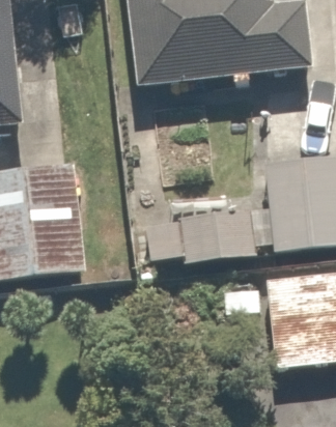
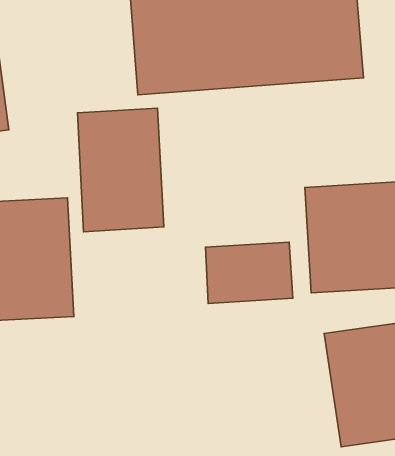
building: none -> [77,108,164,232]

